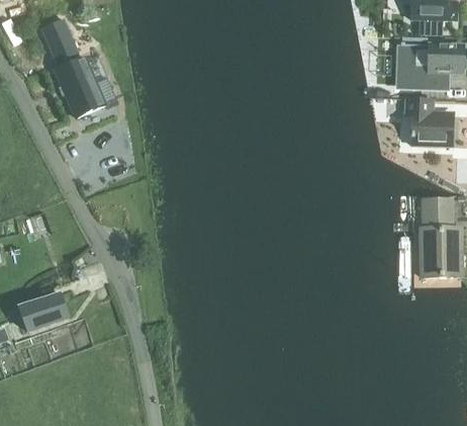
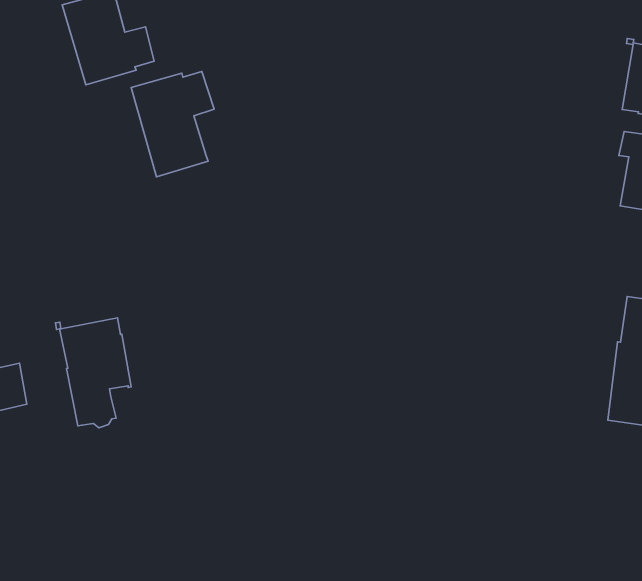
building: none -> [131,72,214,177]
building: none -> [55,318,131,428]

